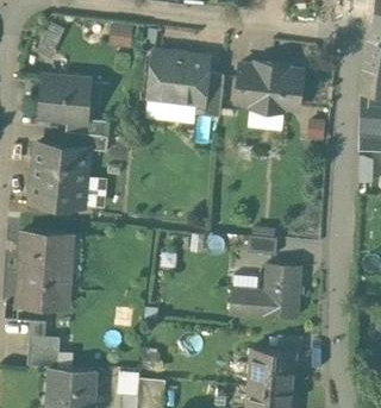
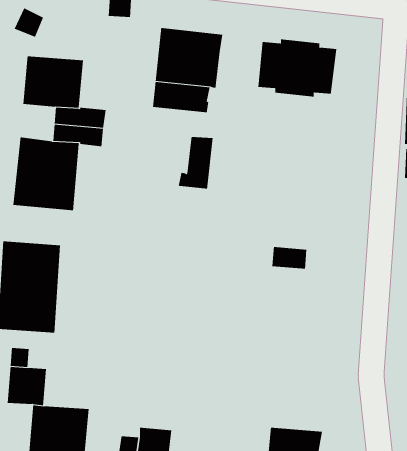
building: [194,73,224,117] -> [178,137,214,189]
building: [231,263,301,316] -> none
building: [246,347,293,390] -> none

